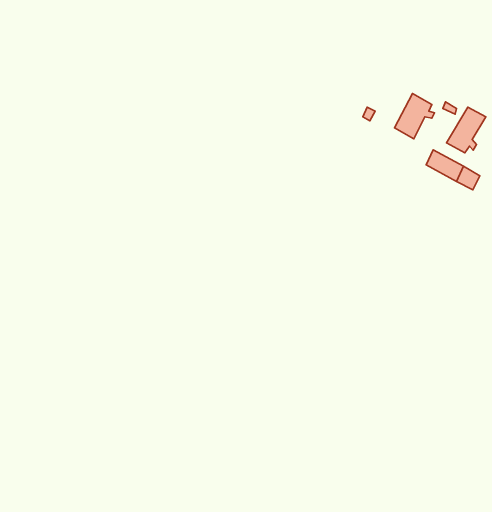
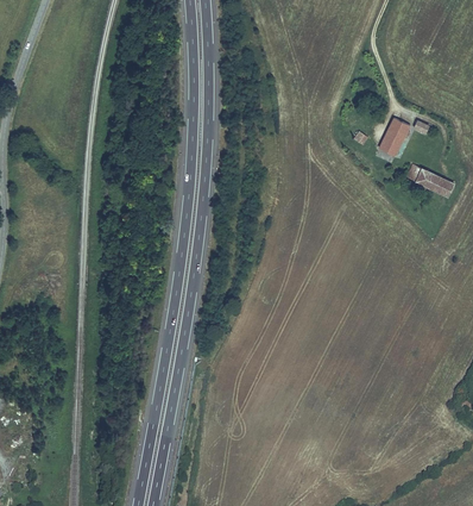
building: [447,107,486,153] -> none

